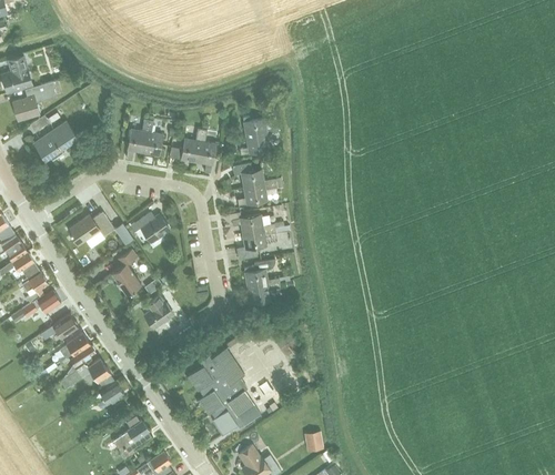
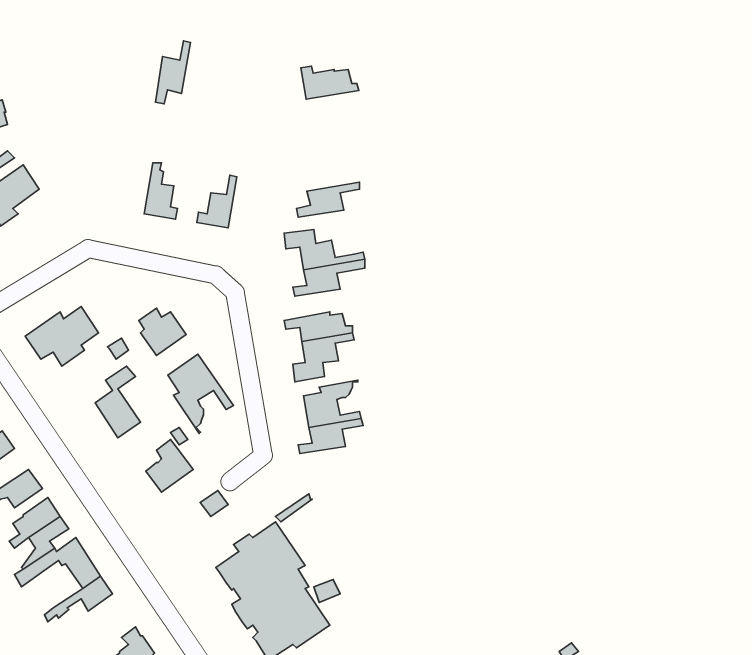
building: [242,117,279,138] -> [301,66,359,99]
building: [125,119,148,159] -> [155,41,190,104]
building: [195,129,214,172] -> none
building: none -> [168,354,233,433]

